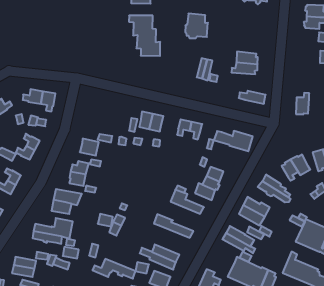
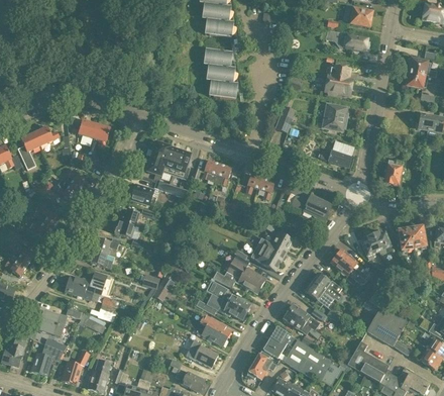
building: [185,14,208,38] -> [324,65,351,94]
building: none -> [147,141,190,179]
building: none -> [213,267,260,293]
building: none -> [262,326,297,357]
building: [92,259,136,279] -> [196,293,245,319]

